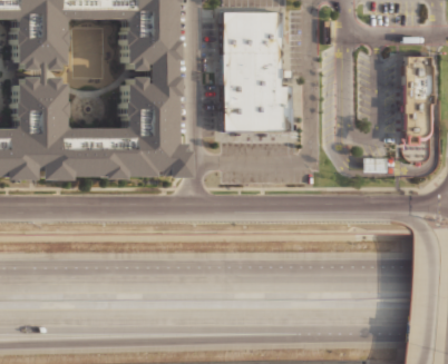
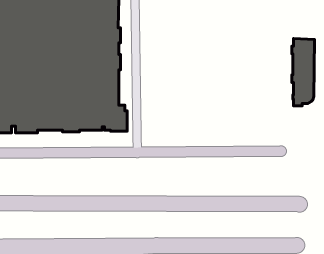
building: [224,11,293,130] -> none

